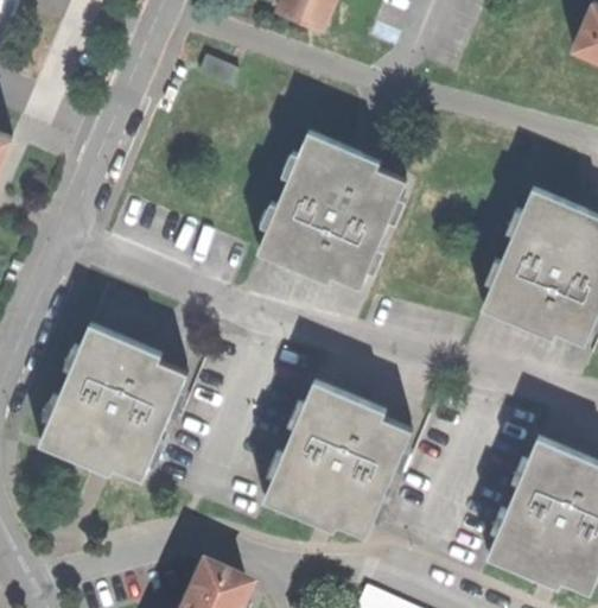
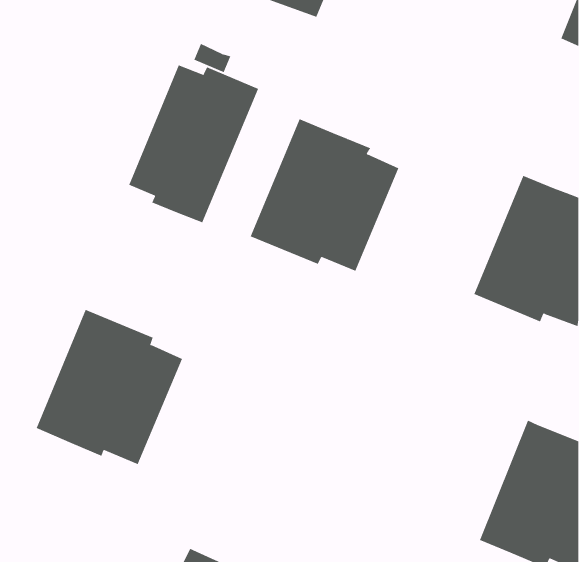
building: none -> [128,65,259,223]
building: [266,380,409,536] -> none

